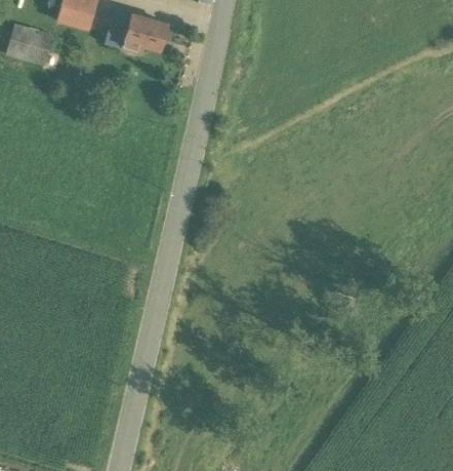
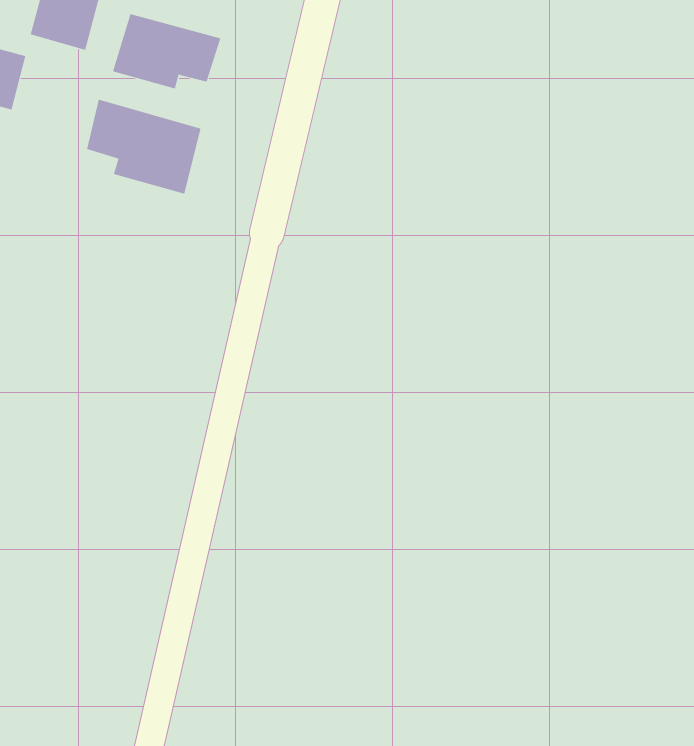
building: none -> [87,99,201,194]

